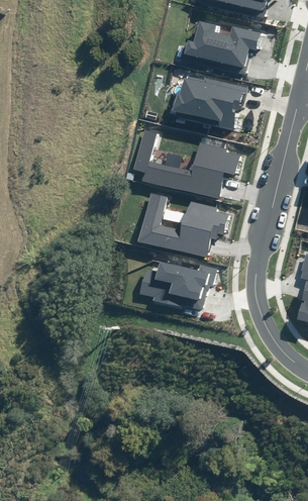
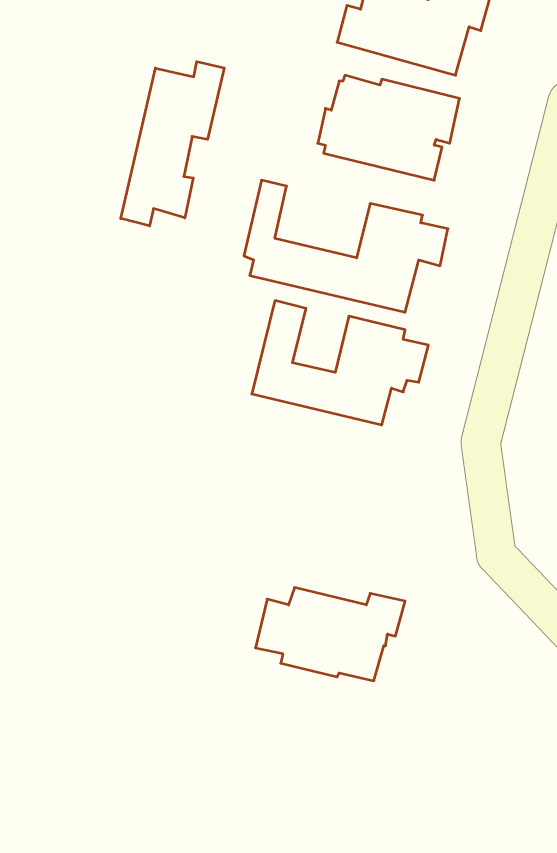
building: none -> [121,62,224,226]
building: [139,261,217,309] -> [255,588,405,681]

